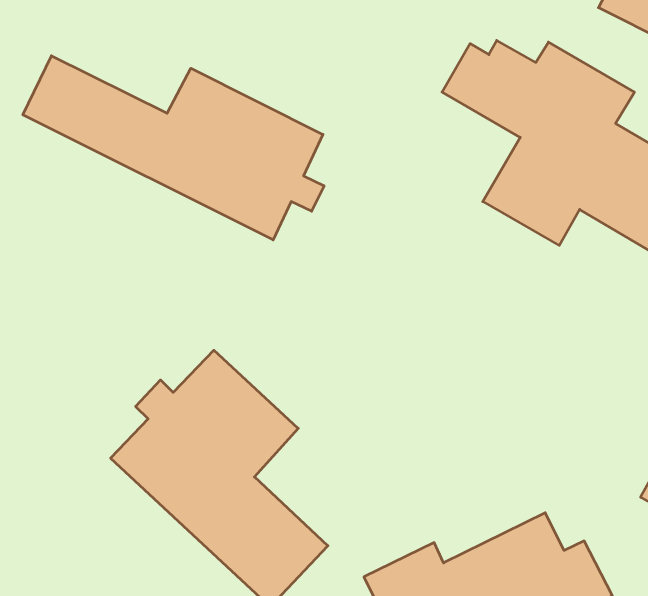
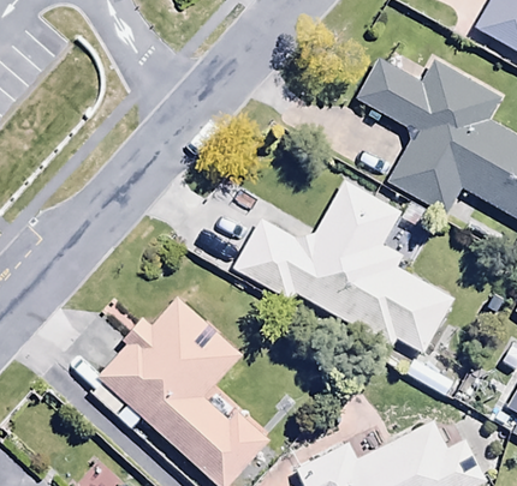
building: [23,56,324,240] -> none
building: none -> [231,182,460,362]

